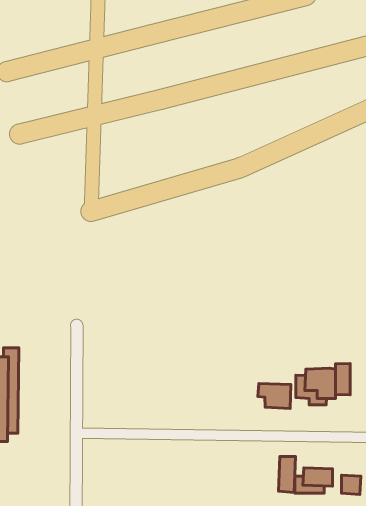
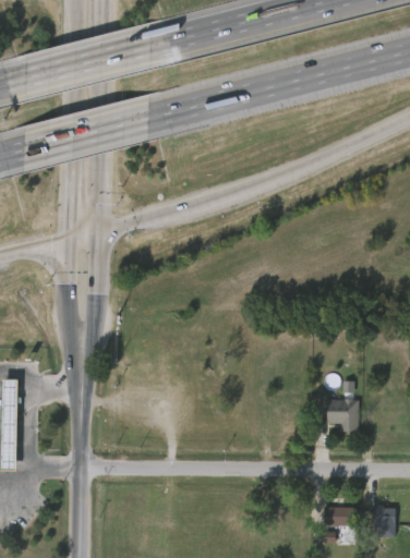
building: [335,364,350,395] -> none
building: [258,383,291,409] -> none
building: [279,456,295,493] -> none

